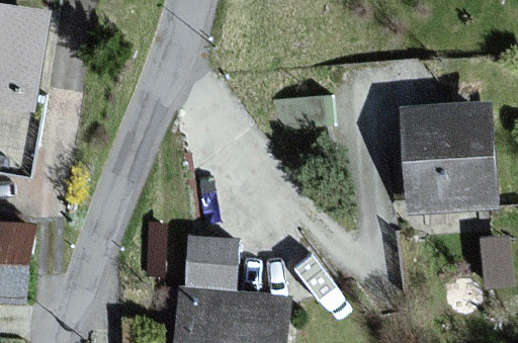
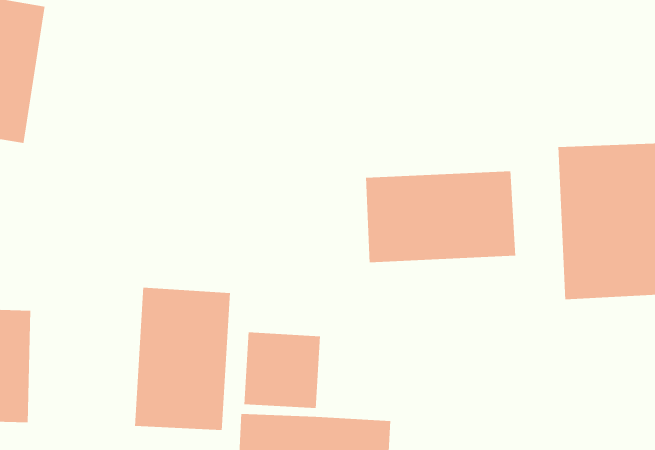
building: none -> [365,170,516,263]
building: none -> [134,287,231,431]

